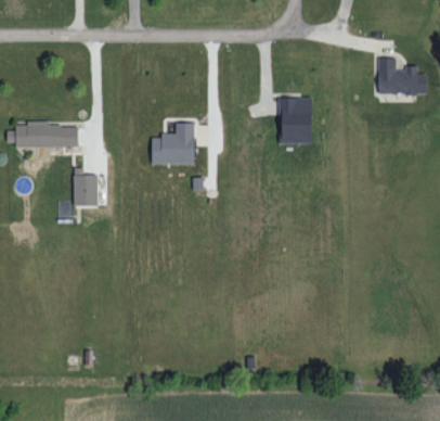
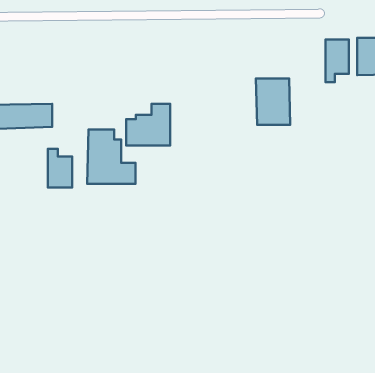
building: none -> [325,40,349,82]
building: none -> [87,130,135,184]

